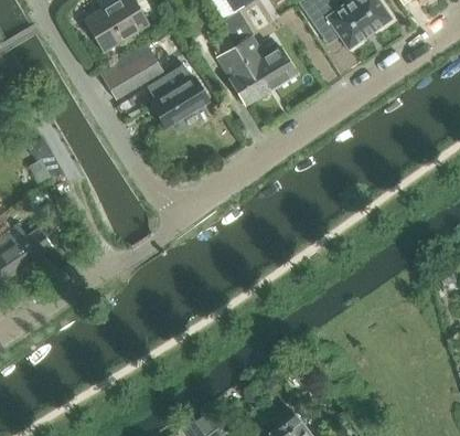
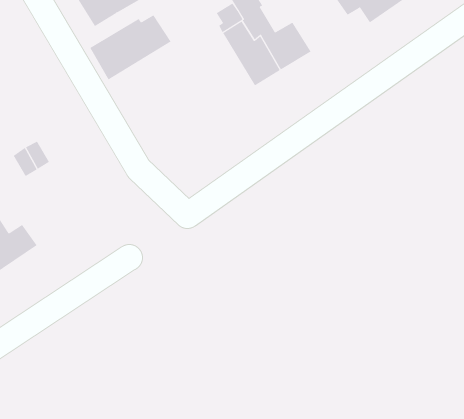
building: [147,64,204,128] -> none

